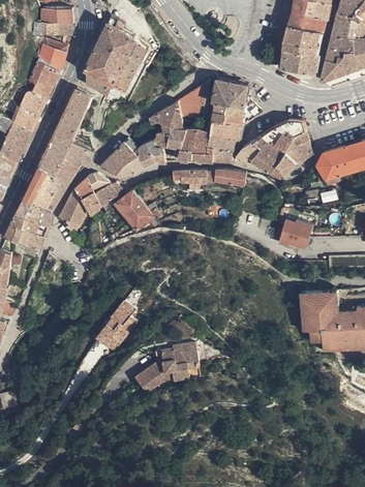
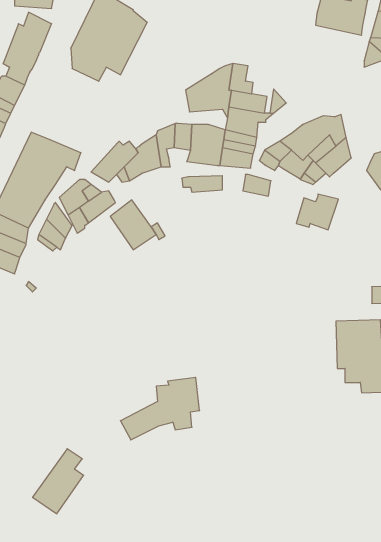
building: [280,49,321,75] -> none
building: [226,82,248,106] -> none
building: [53,87,90,142] -> none
building: [149,101,183,131] -> none
building: [279,223,313,252] -> [296,194,338,230]
building: [91,303,132,356] -> [33,449,84,514]

